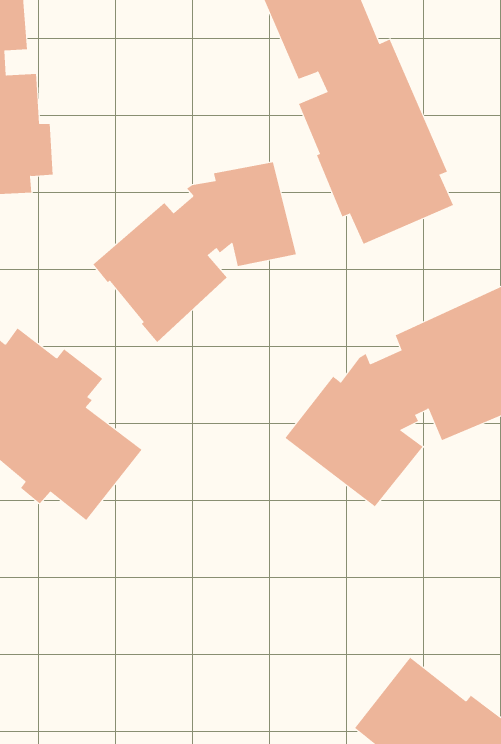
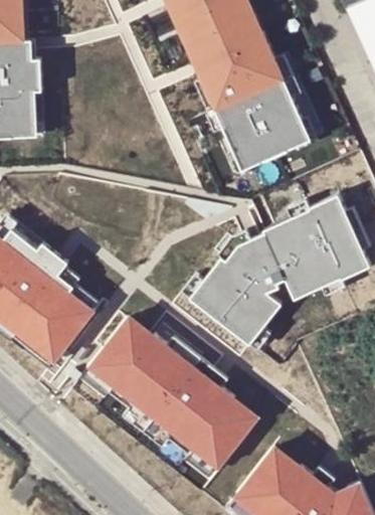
building: [93,161,296,343] -> none
building: none -> [90,317,257,466]

